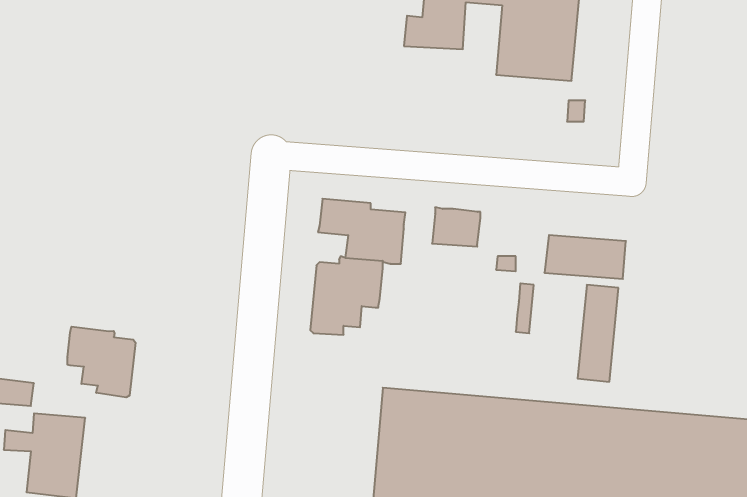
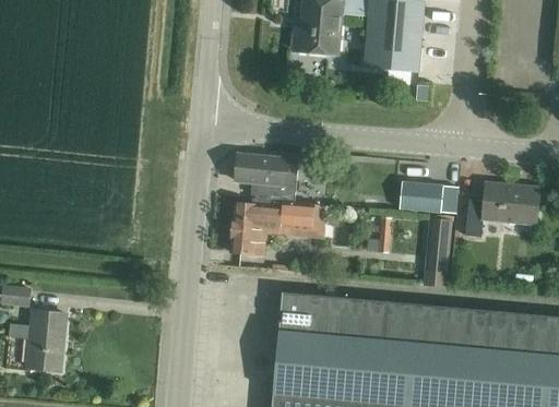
building: [432,207,480,247] -> [280,201,314,229]
building: none -> [464,182,538,236]
building: [67,327,136,397] -> none

